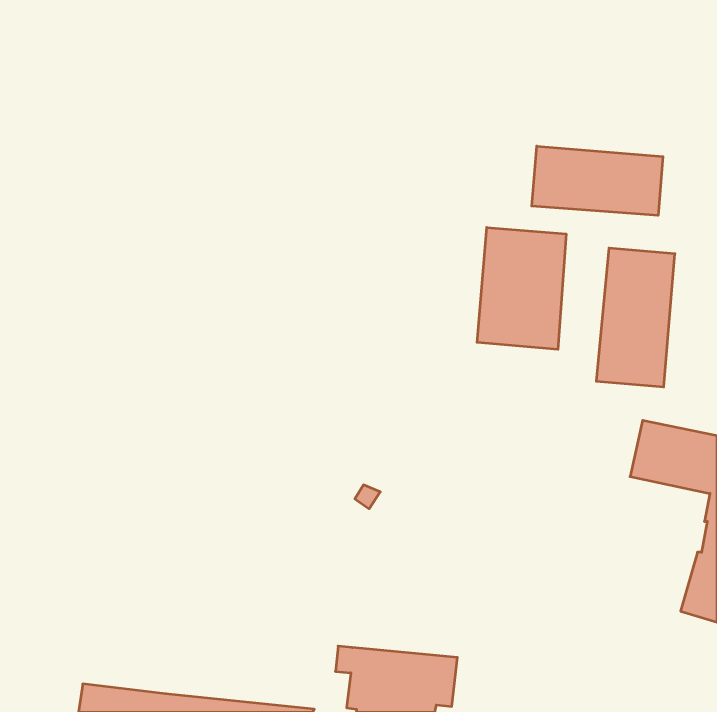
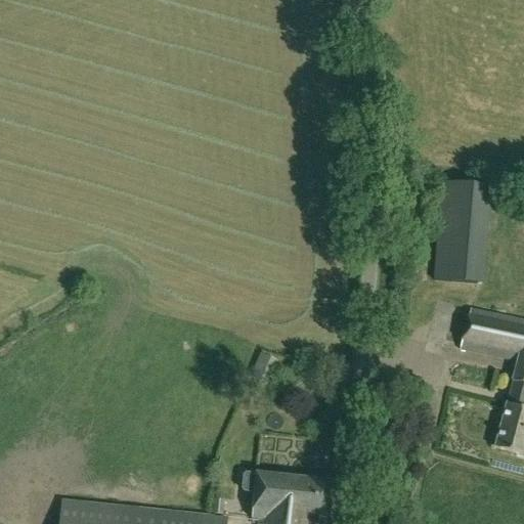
building: [532,146,663,215] -> none
building: [477,227,566,349] -> none

